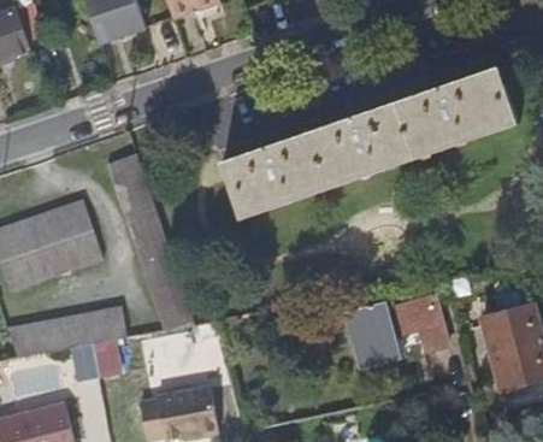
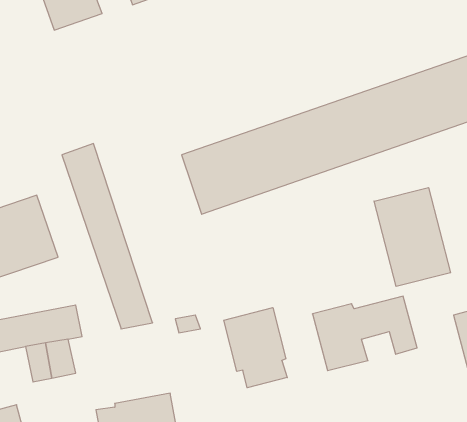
building: none -> [374,188,451,286]
building: none -> [224,308,287,388]

